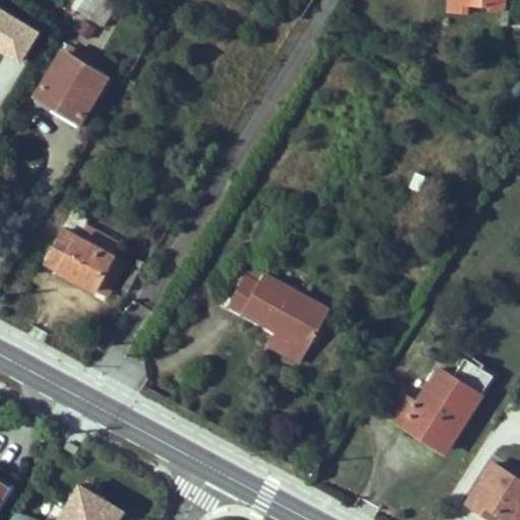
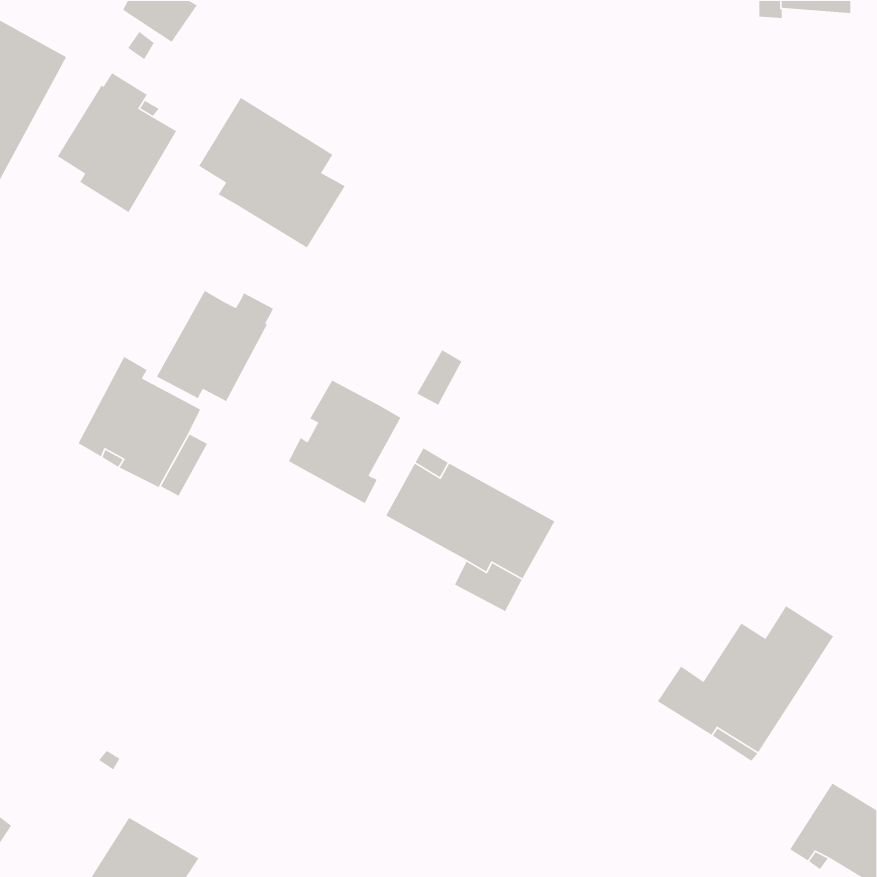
building: none -> [198,97,346,248]
building: none -> [156,290,274,402]
building: none -> [288,379,402,504]

